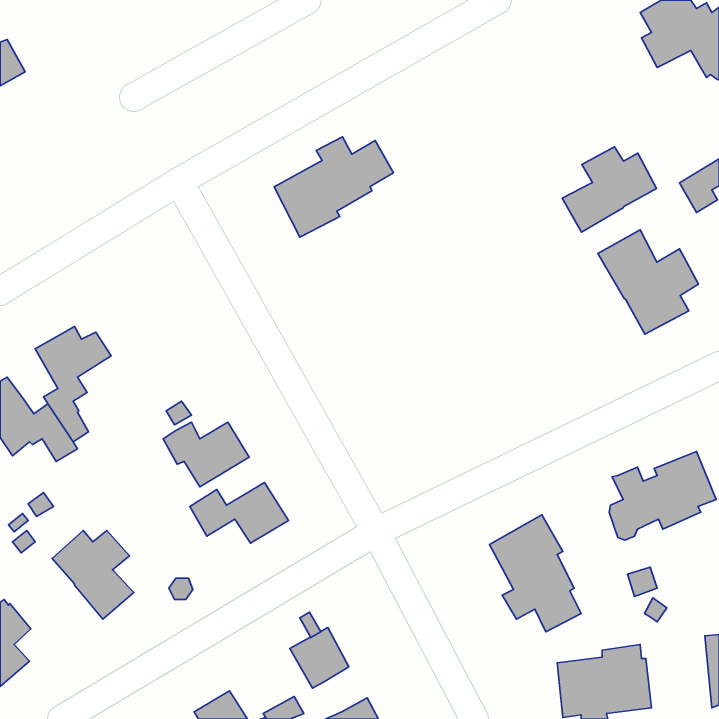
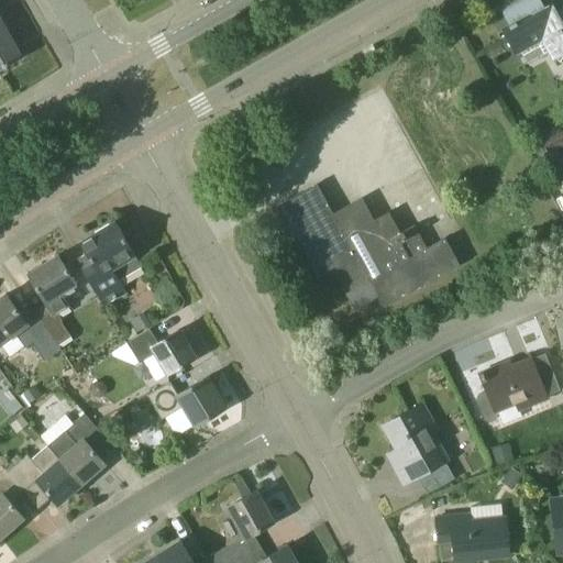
building: [274,137,393,237] -> none
building: [562,147,656,232] -> none
building: [598,230,699,334] -> none
building: none -> [276,185,459,308]
building: none -> [75,221,134,307]
building: none -> [8,455,80,504]

